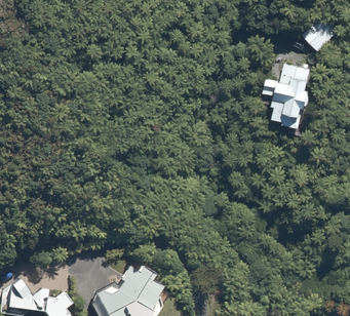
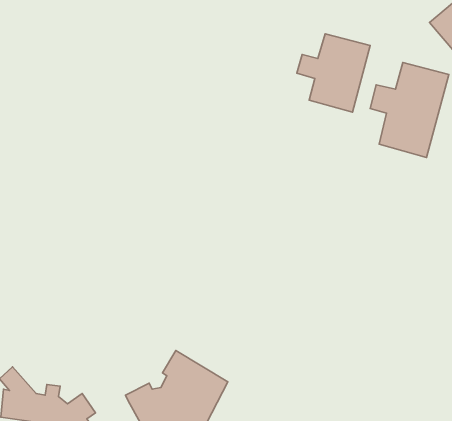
building: none -> [297,34,370,112]

